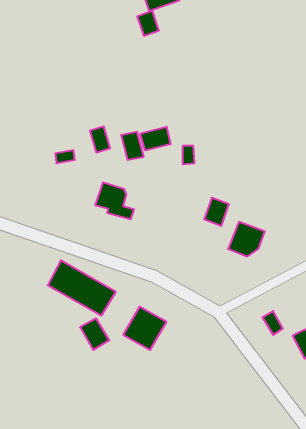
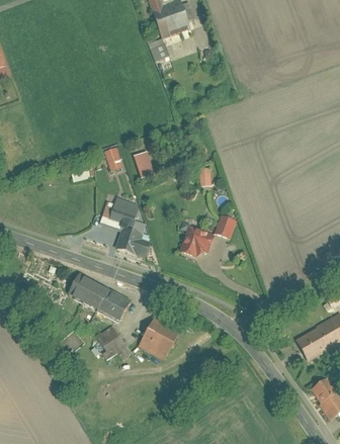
building: [140,127,171,150] -> none
building: none -> [116,229,153,260]
building: [228,222,265,256] -> [178,226,212,258]

